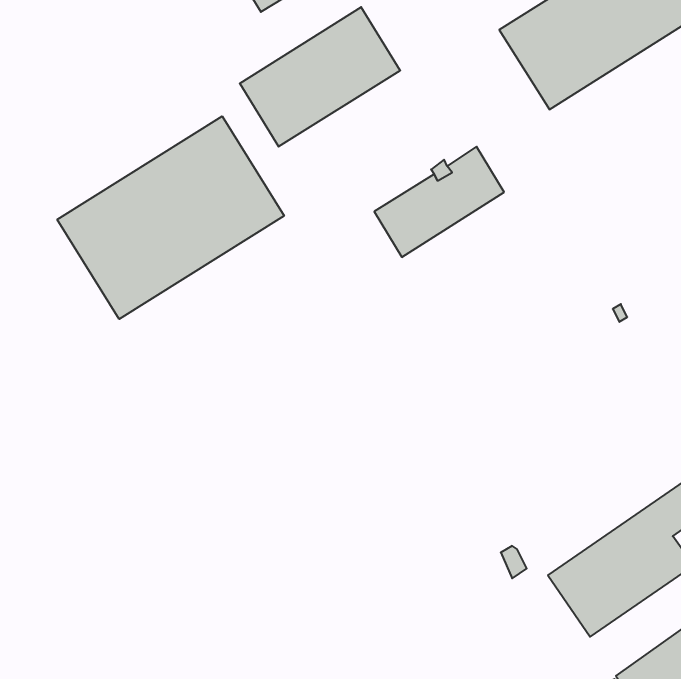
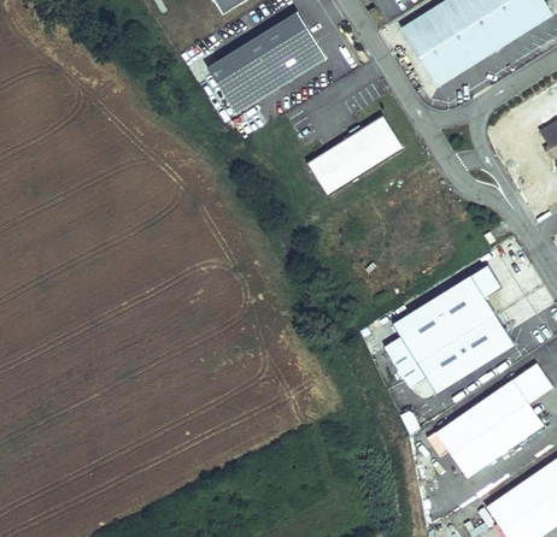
building: [57,116,284,319] -> none
building: none -> [383,265,514,393]

